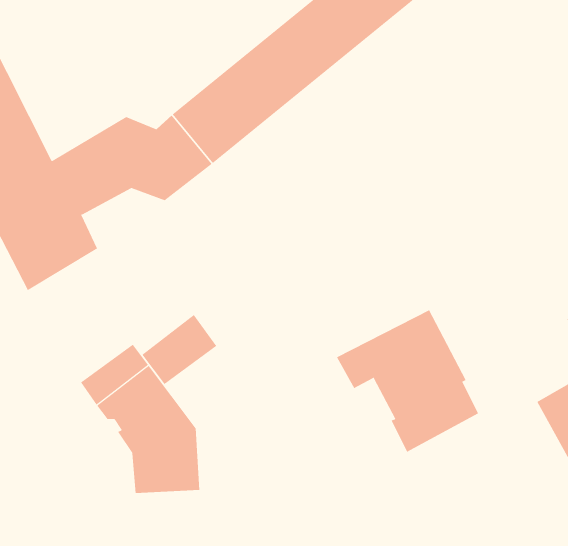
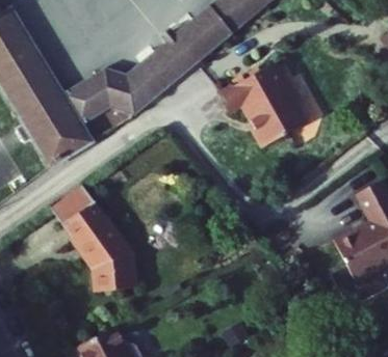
building: [336,310,479,452] -> [221,62,305,146]
building: [141,314,217,385] -> [56,188,101,229]

